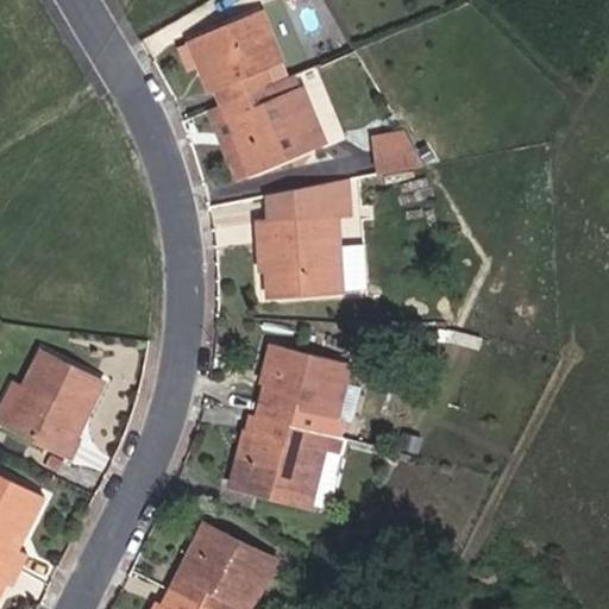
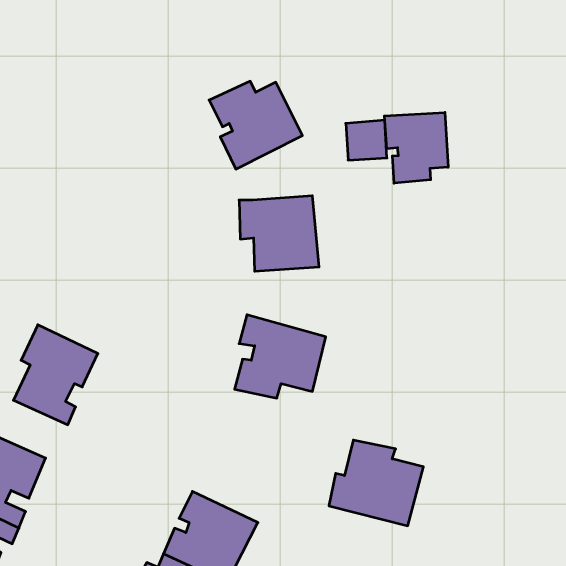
building: [186,10,281,109] -> none
building: none -> [384,112,448,183]
building: [268,181,346,216] -> none
building: [225,419,326,510] -> [329,440,423,526]

